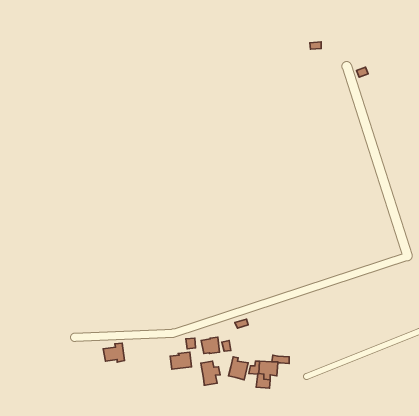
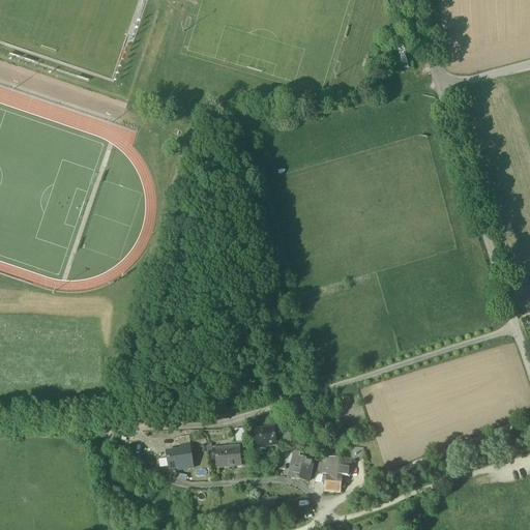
building: [103,343,125,362] -> [166,443,193,467]
building: [201,361,220,385] -> none

